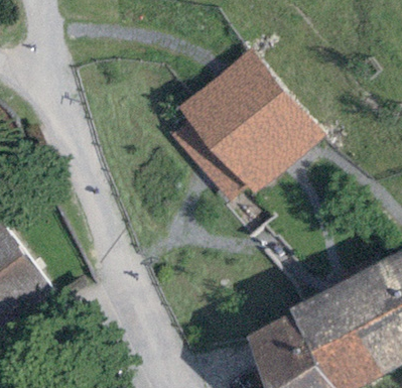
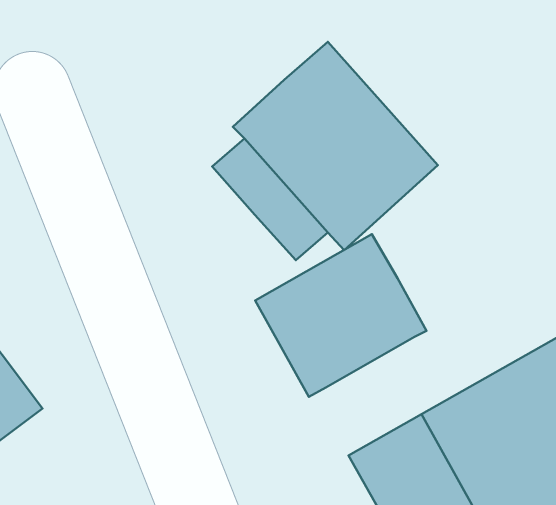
building: none -> [255,234,427,397]

